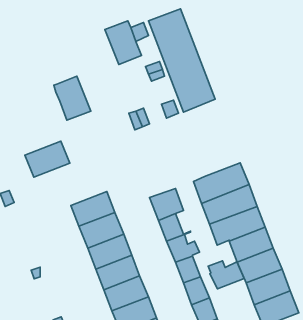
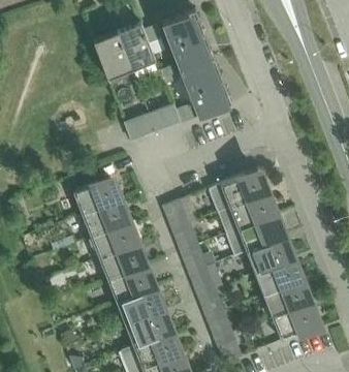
building: [54,76,91,120] -> [94,32,132,78]
building: [25,141,70,177] -> [73,178,120,215]
building: [208,261,244,289] -> none

